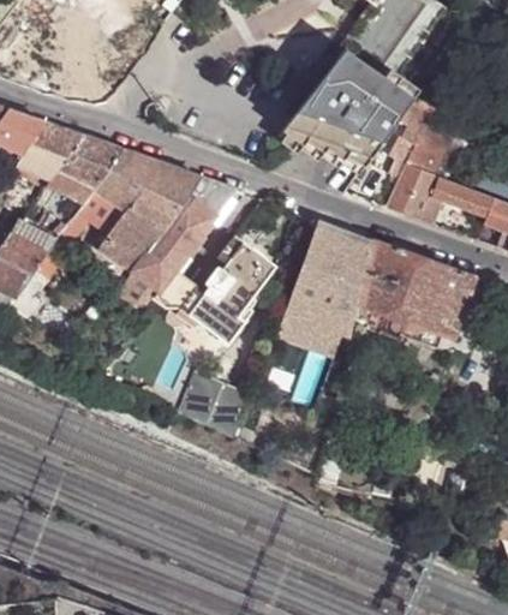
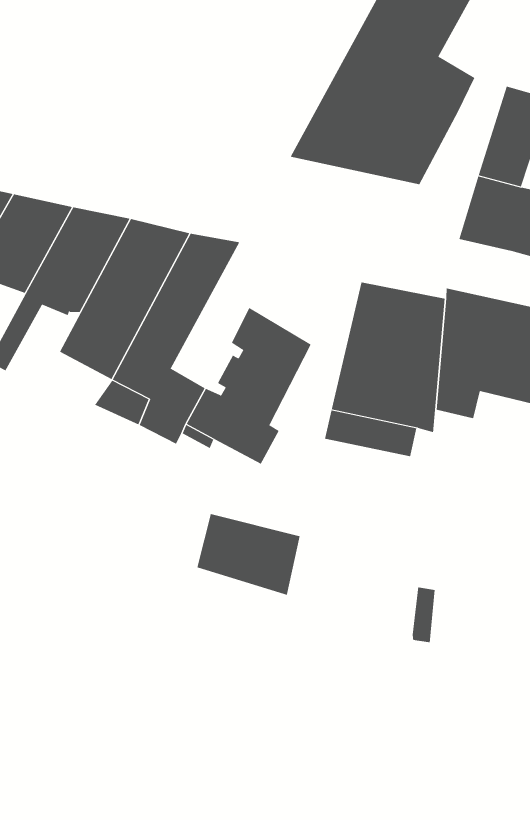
building: [378,98,434,208] -> none

